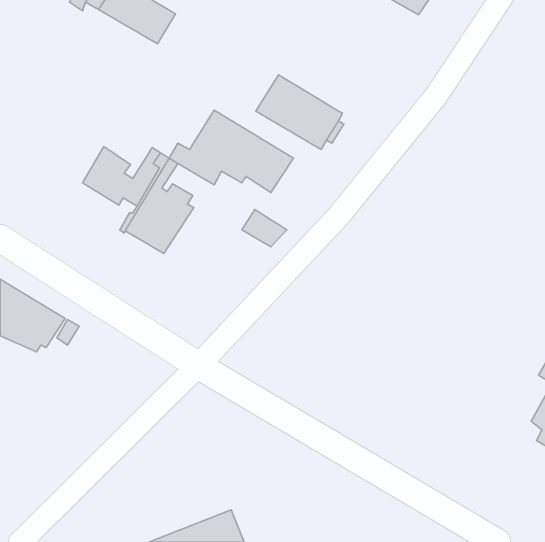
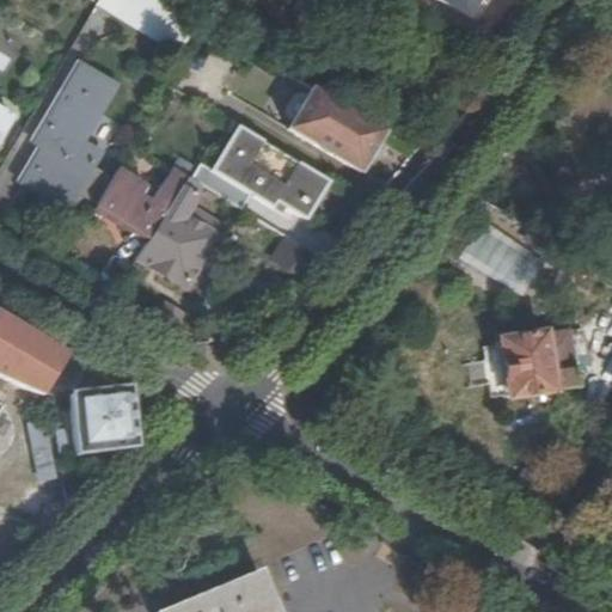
building: none -> [22,63,115,206]
building: none -> [502,330,579,394]
building: none -> [68,387,135,454]

